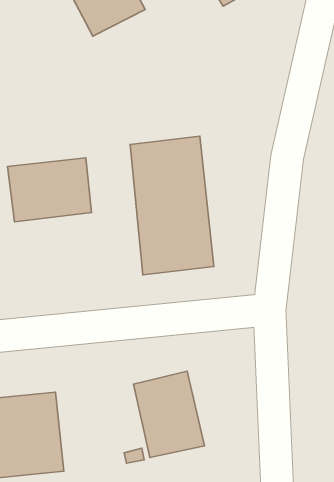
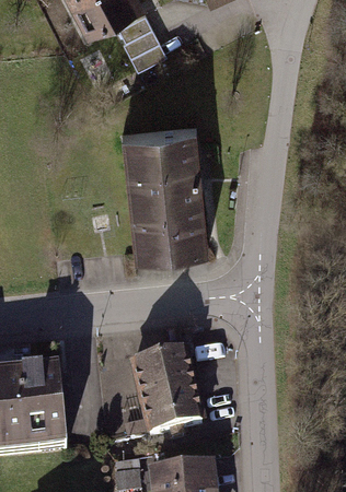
building: none -> [119,14,169,72]
building: [7,158,92,222] -> none

